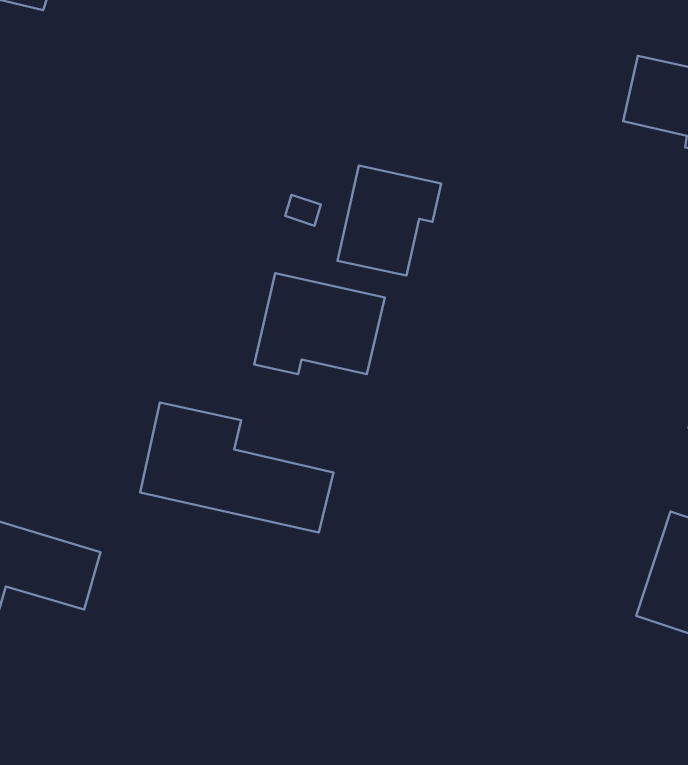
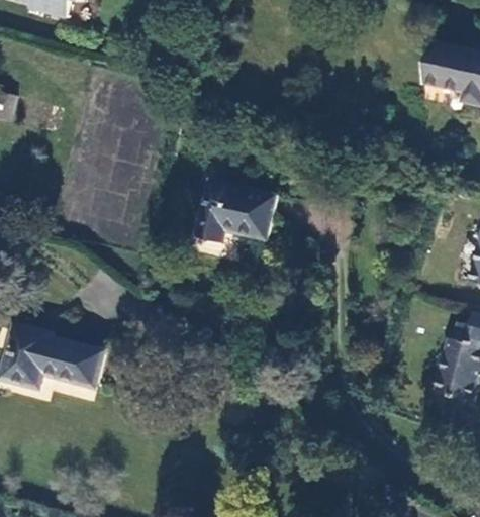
building: [338,166,441,276] -> none
building: [140,402,334,533] -> none

